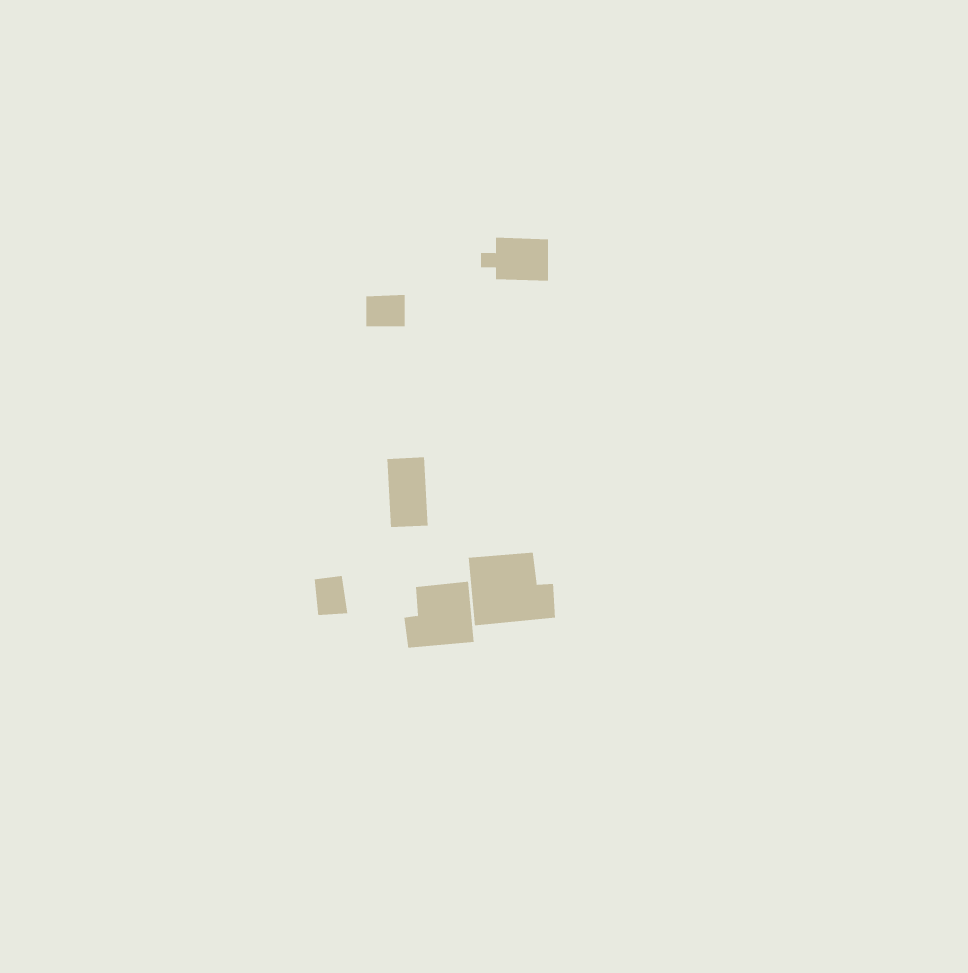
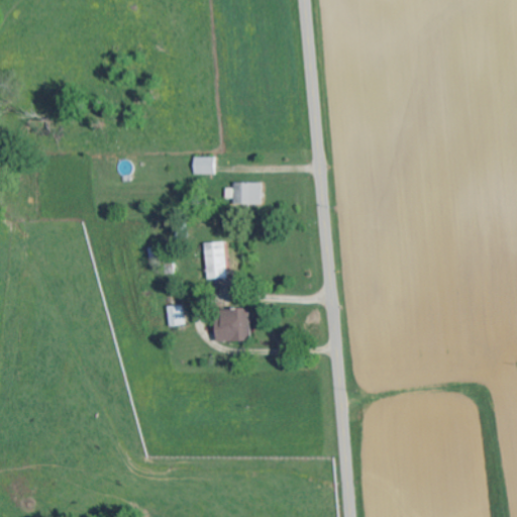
building: [480,237,549,281] -> [225,181,262,204]
building: [468,552,555,626] -> none

